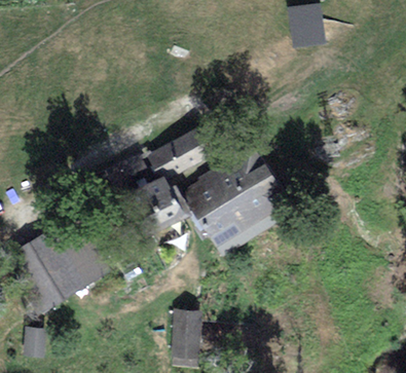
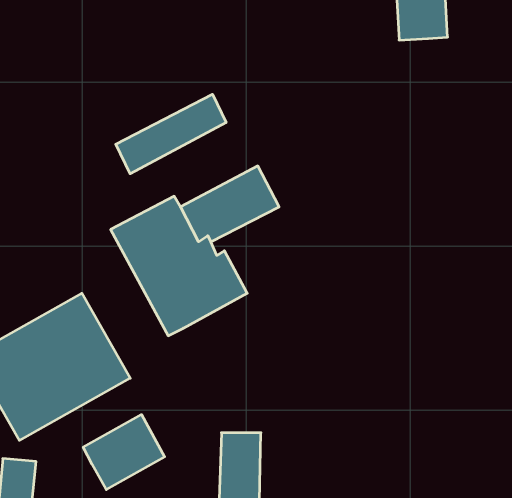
building: none -> [116,94,226,174]
building: [183,146,281,254] -> none
building: none -> [83,415,165,490]

